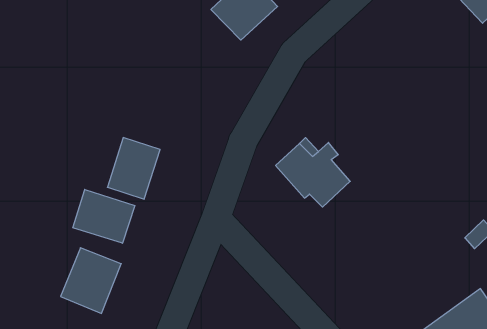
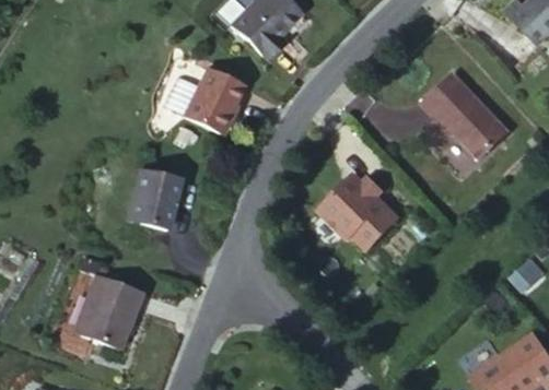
building: none -> [419,61,503,152]
building: none -> [187,68,248,135]
building: [73,189,135,243] -> none

